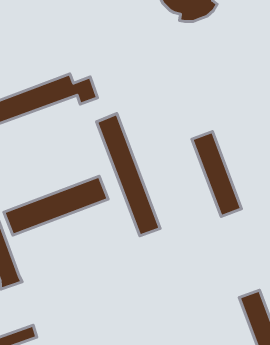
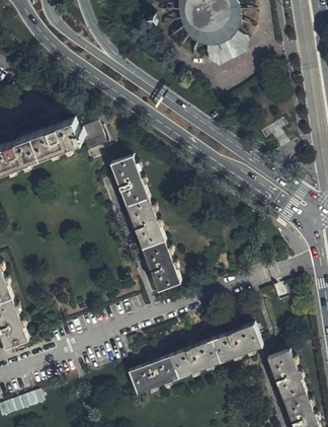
building: [192,131,242,217] -> none
building: [4,176,108,235] -> none
building: none -> [129,325,263,395]

